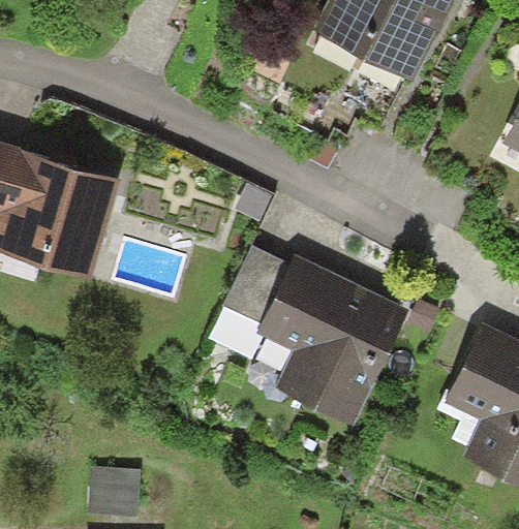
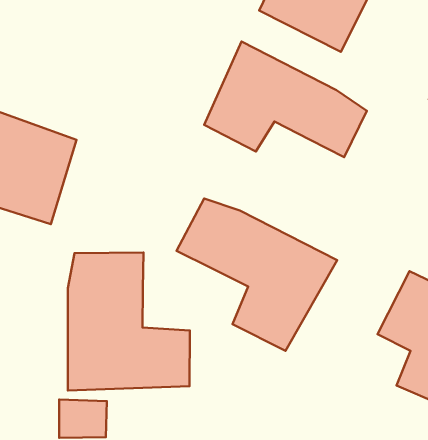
building: none -> [204,42,367,157]
building: none -> [68,252,190,390]

